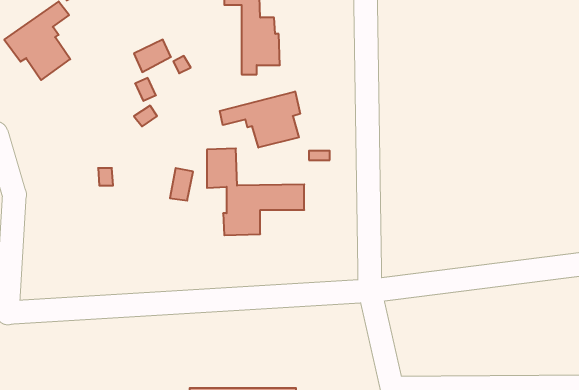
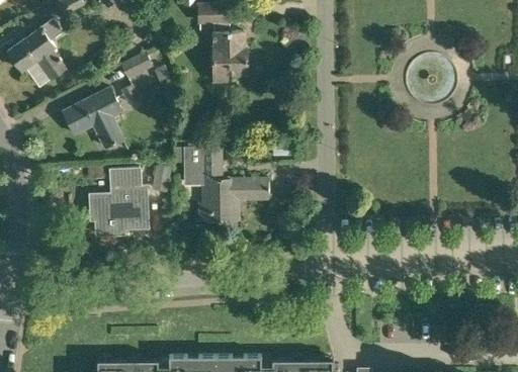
building: none -> [62,89,122,149]
building: [220,91,300,148] -> none
building: none -> [90,170,144,236]

